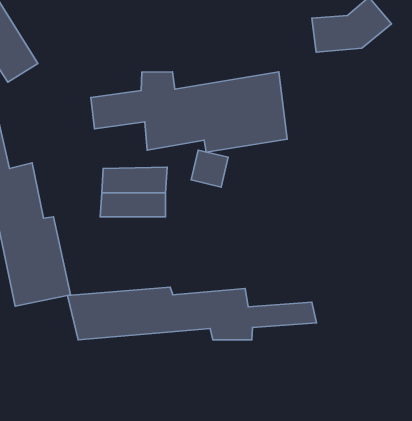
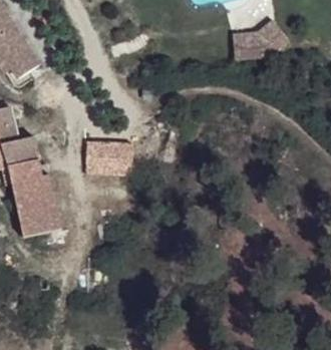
building: [91,72,287,152] -> none
building: [67,287,316,340] -> none

